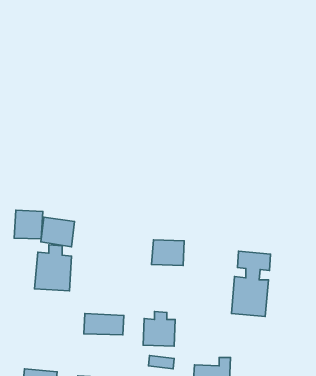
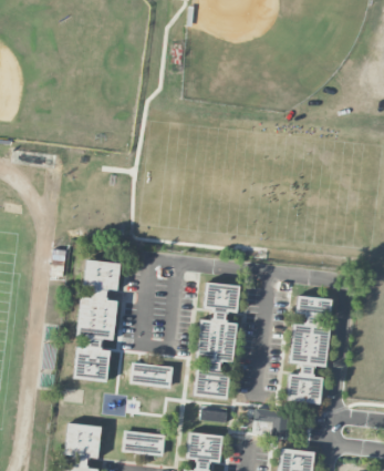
building: [14,210,43,239] -> none
building: none -> [197,310,237,362]
building: none -> [74,338,111,381]
building: none -> [287,365,323,403]

